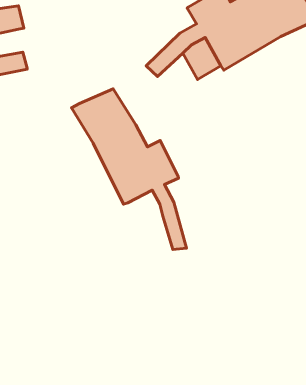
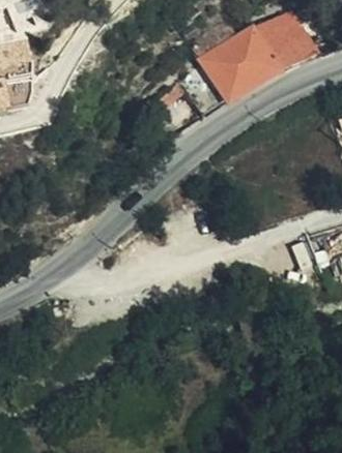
building: [71,89,186,250] -> none

